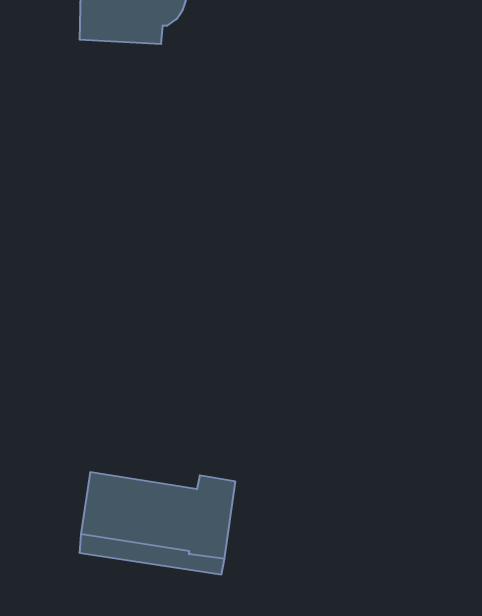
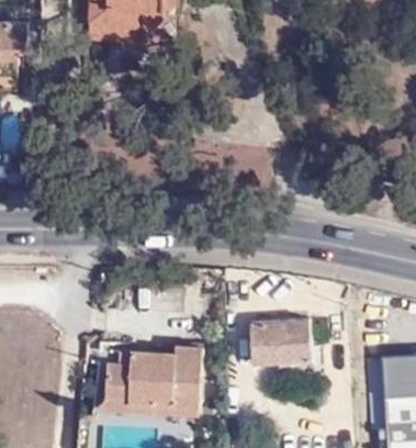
building: none -> [255,318,313,362]

